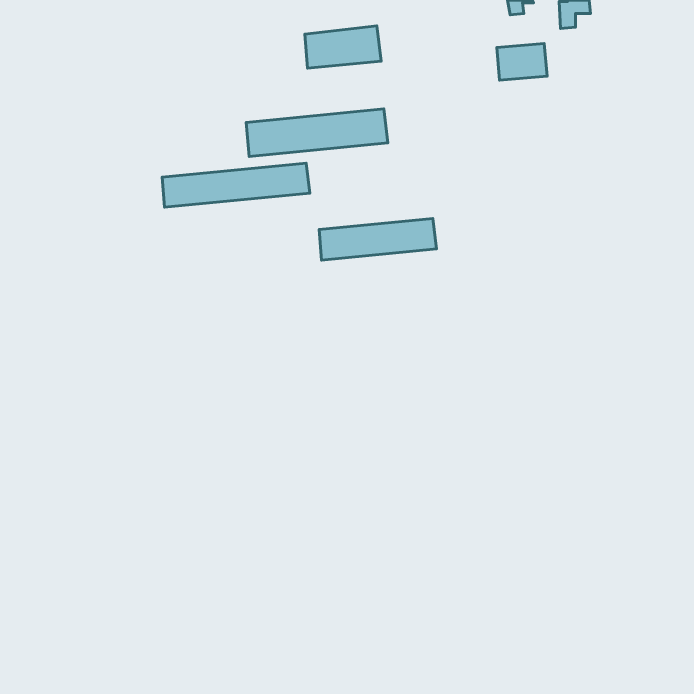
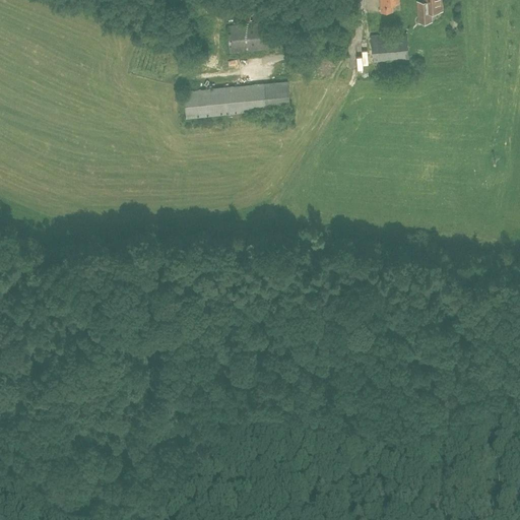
building: [162,163,310,207] -> none
building: [319,219,436,260] -> none

